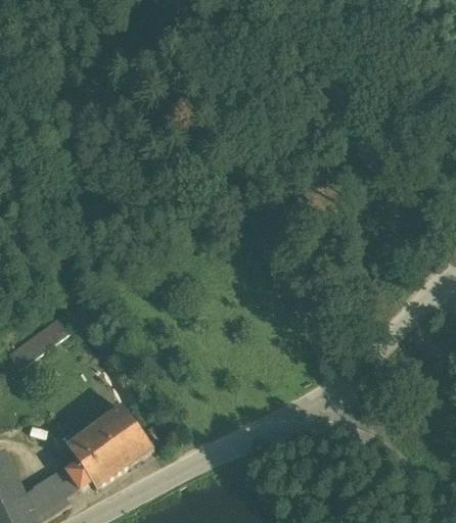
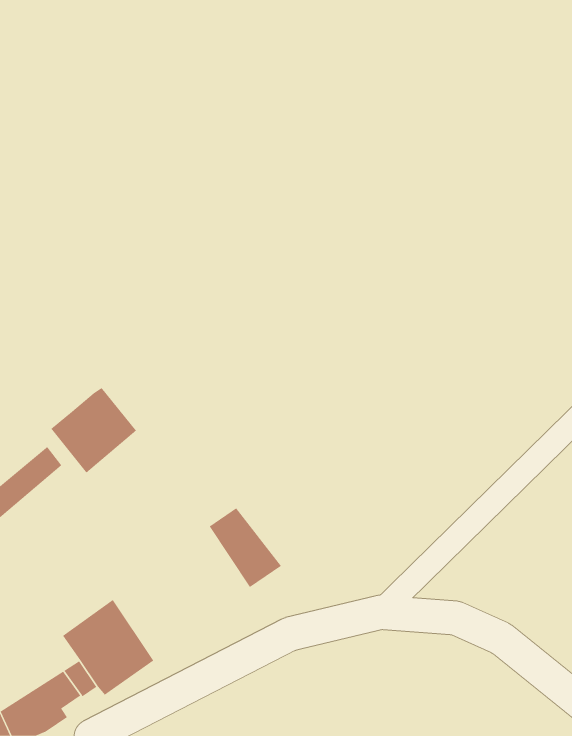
building: none -> [50,387,137,474]
building: [101,407,152,463] -> [209,507,282,588]

